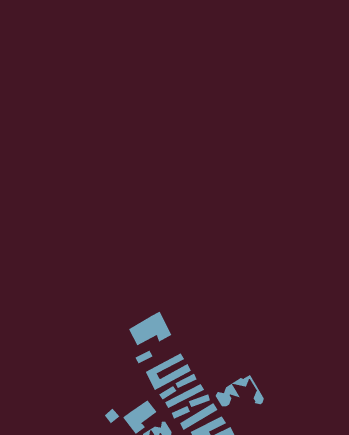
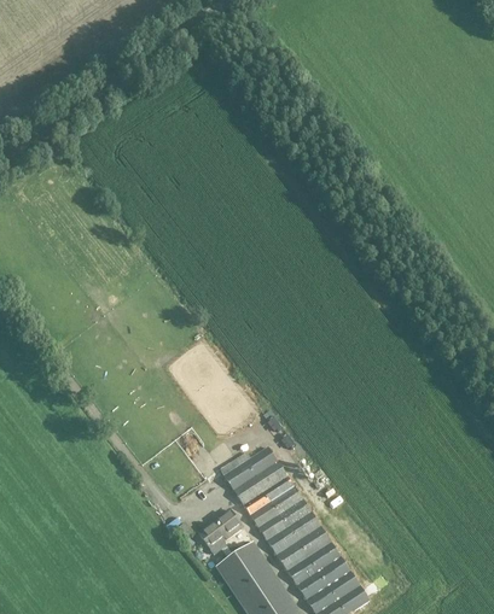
building: [128,311,172,346] -> none
building: [215,374,265,407] -> none

